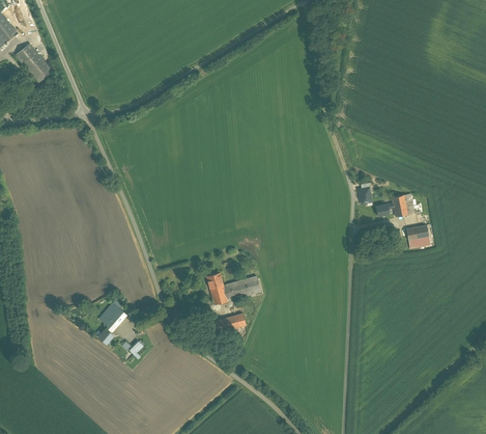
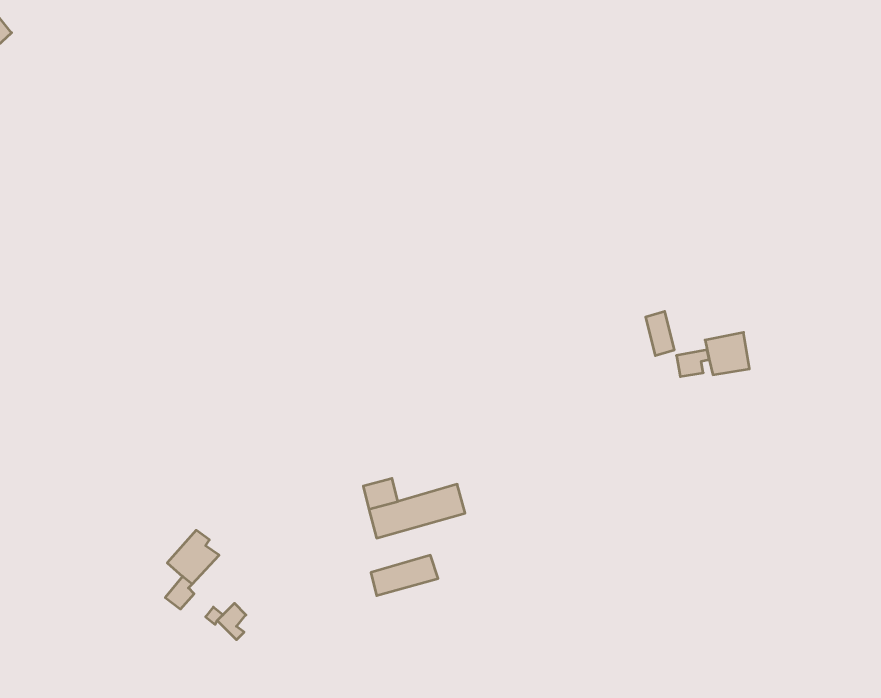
building: [13,43,51,81] -> none
building: [406,224,430,249] -> none

